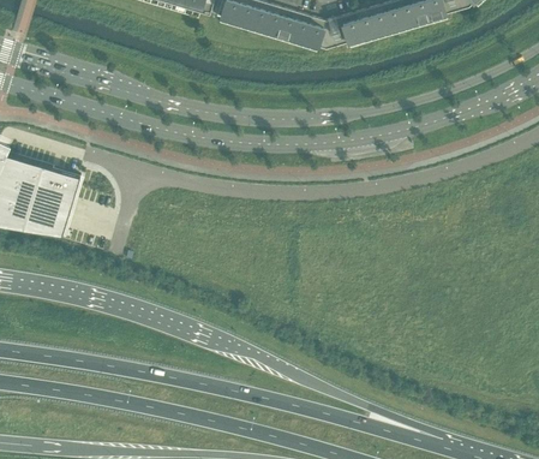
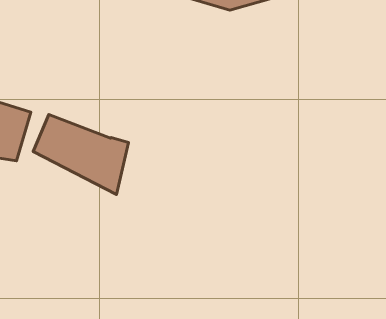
building: none -> [33,114,129,194]

